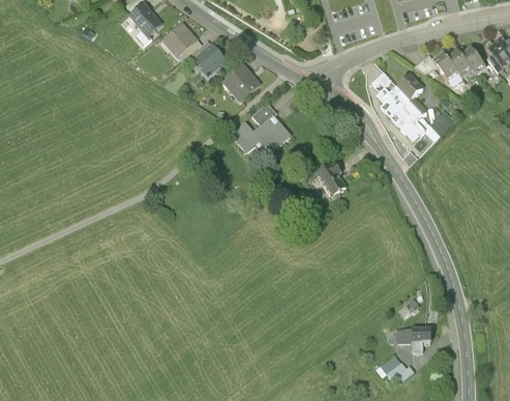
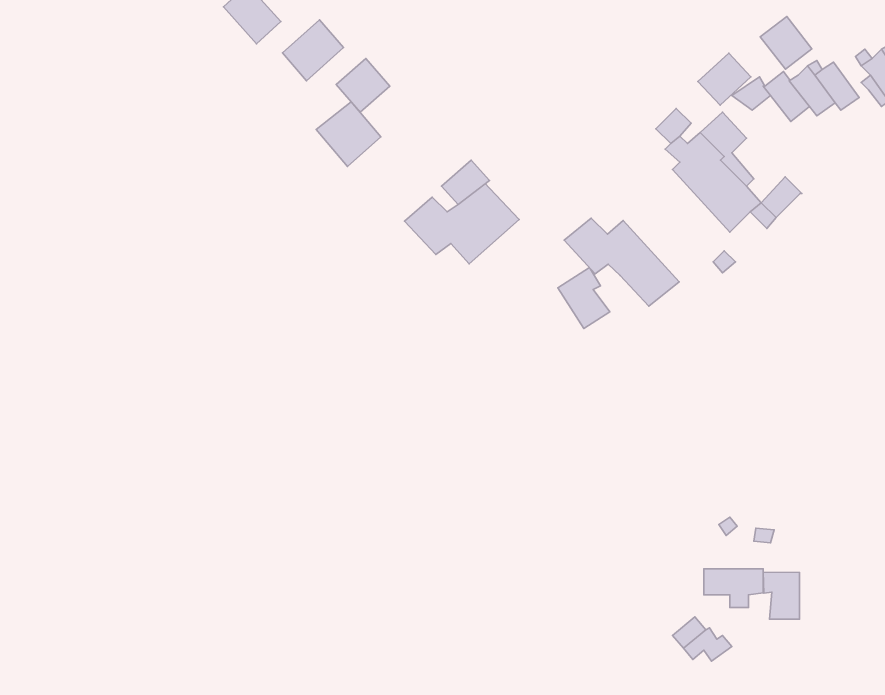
building: none -> [760,17,812,69]
building: none -> [698,53,751,105]
building: [223,64,260,101] -> [316,102,381,166]
building: none -> [564,218,679,306]
building: none -> [763,572,799,619]

